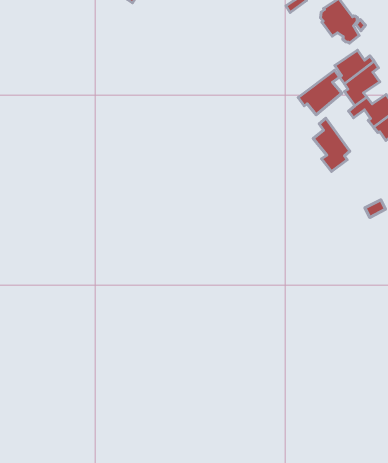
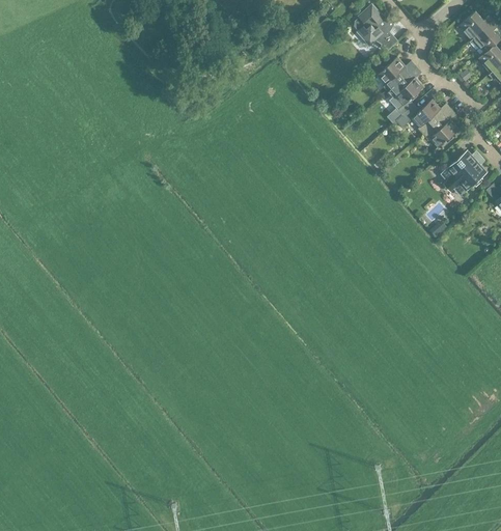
building: [298,70,342,115] -> none
building: [313,118,350,172] -> none

